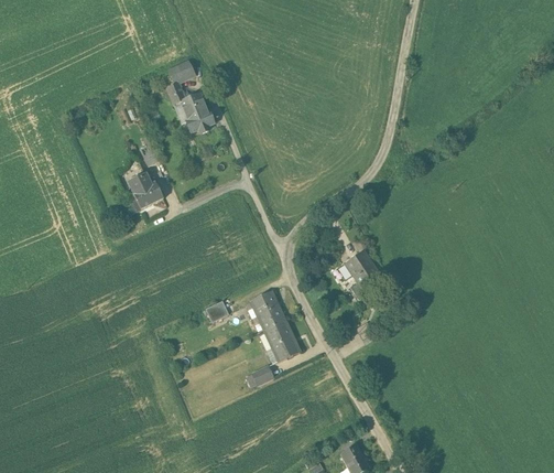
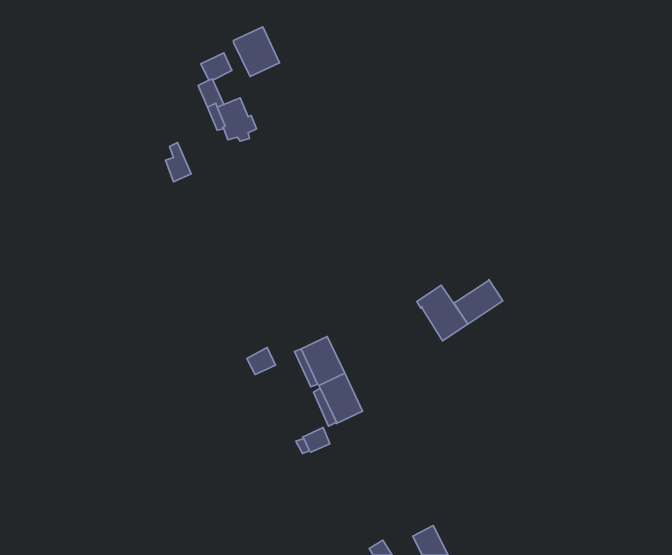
building: none -> [234,27,279,77]
building: [128,172,164,209] -> none
building: none -> [454,280,503,324]

